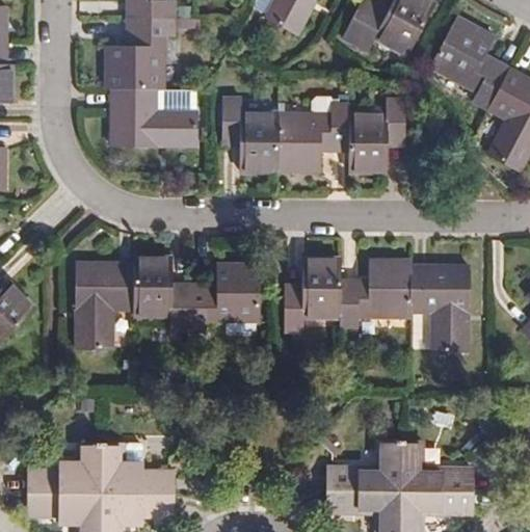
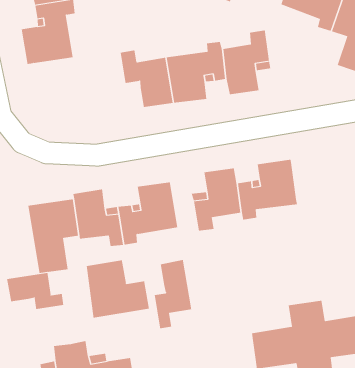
building: [112,88,198,145] -> none
building: [412,264,470,352] -> none
building: none -> [7,272,64,310]
building: none -> [86,259,149,318]
building: none -> [154,259,192,329]

